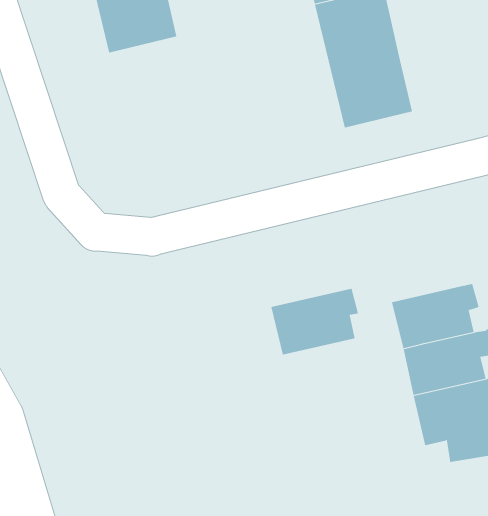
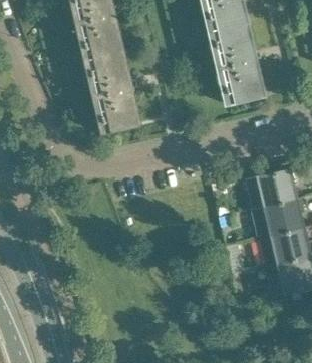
building: none -> [83,51,142,135]
building: [270,288,359,355] -> [246,170,299,211]

